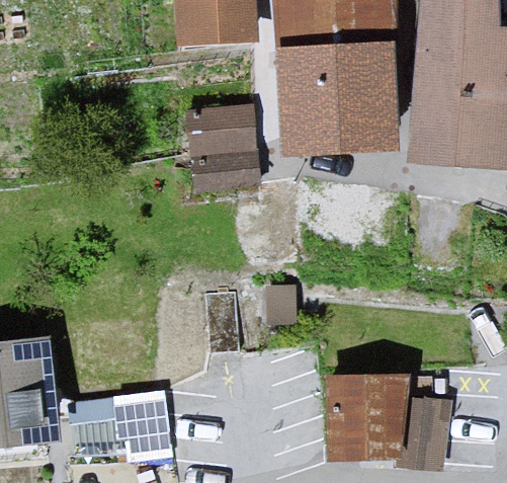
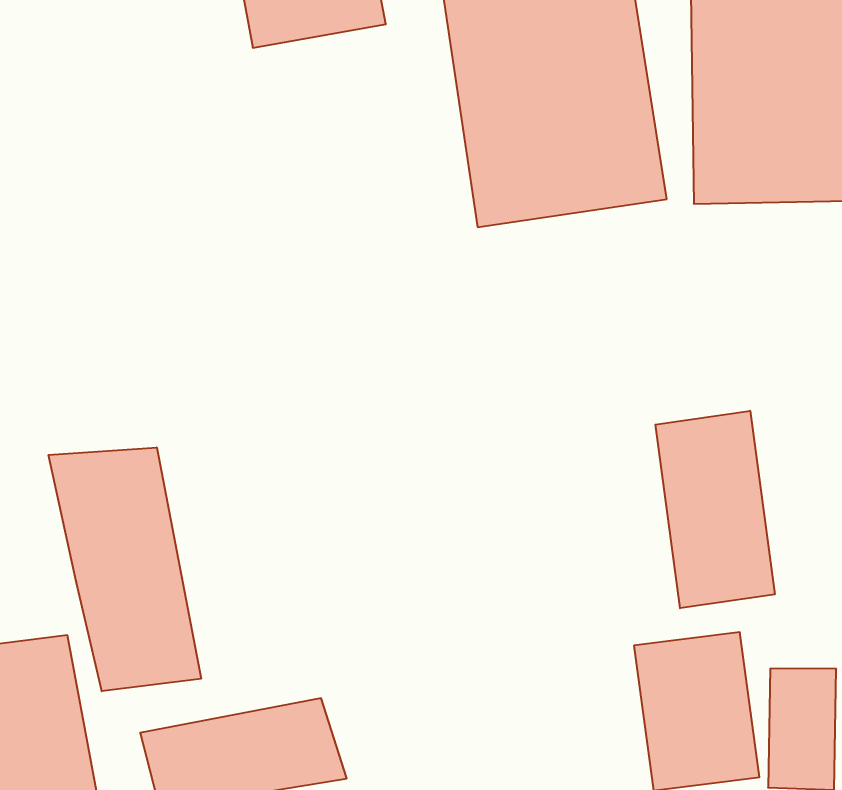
building: [184,103,255,188] -> none
building: none -> [49,447,201,691]
building: none -> [655,411,775,608]

